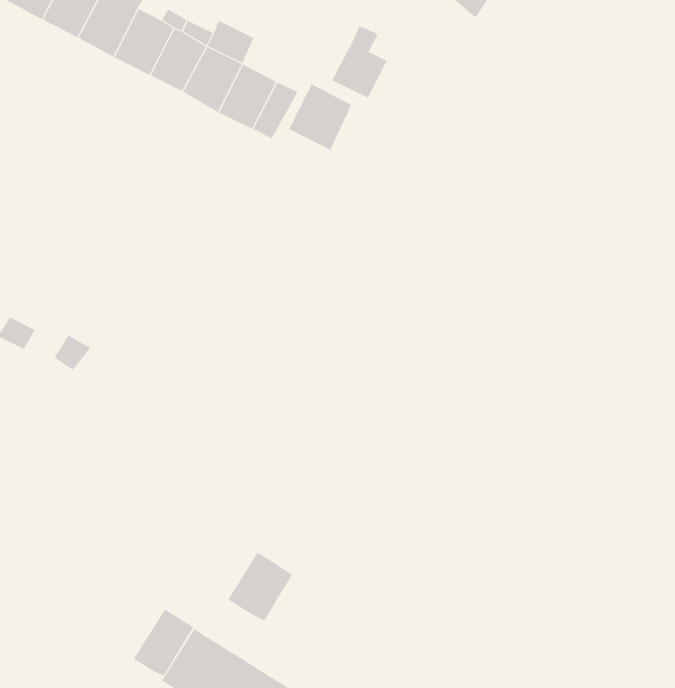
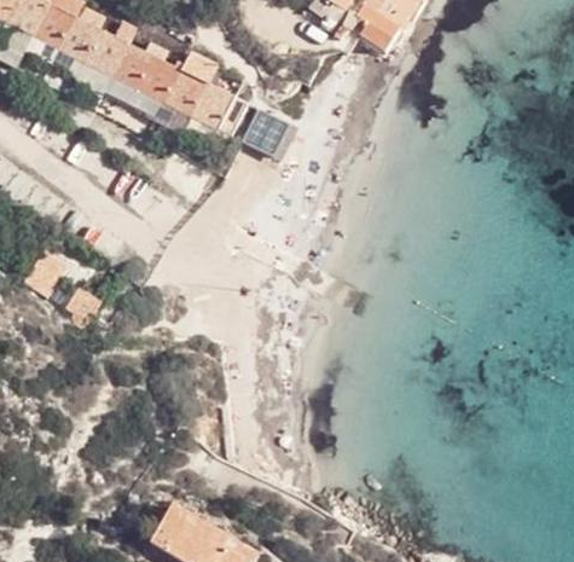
building: [332,26,387,98] -> none
building: [227,552,293,621] -> none
building: [133,609,194,676] -> none

